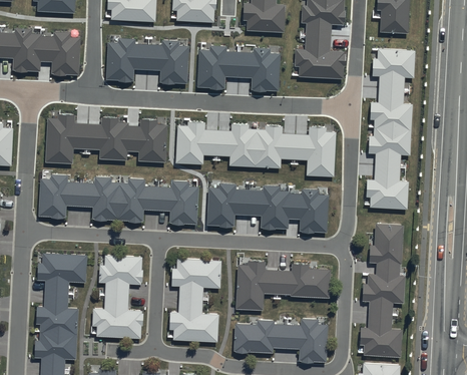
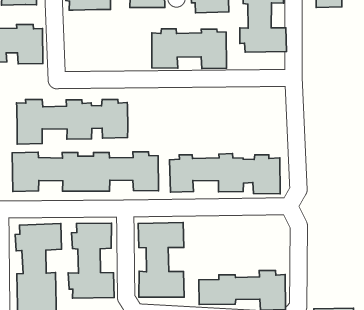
building: [105,38,188,86] -> none
building: [366,50,415,209] -> none
building: [175,121,336,177] -> none
building: [359,222,404,355] -> none
building: [235,258,330,308] -> none

